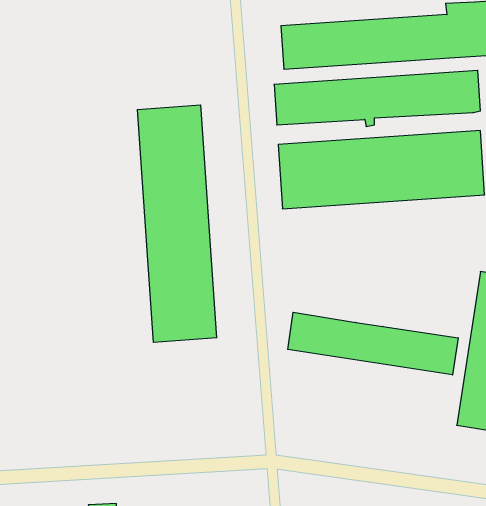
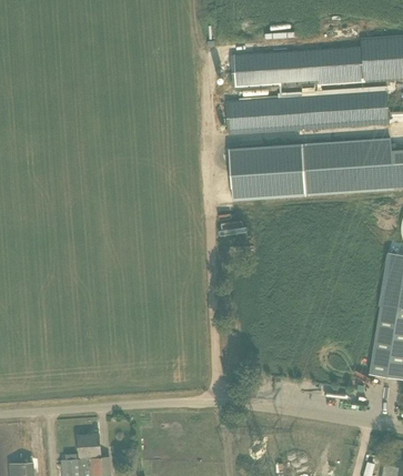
building: [137,105,217,342] -> none
building: [288,312,458,375] -> none

